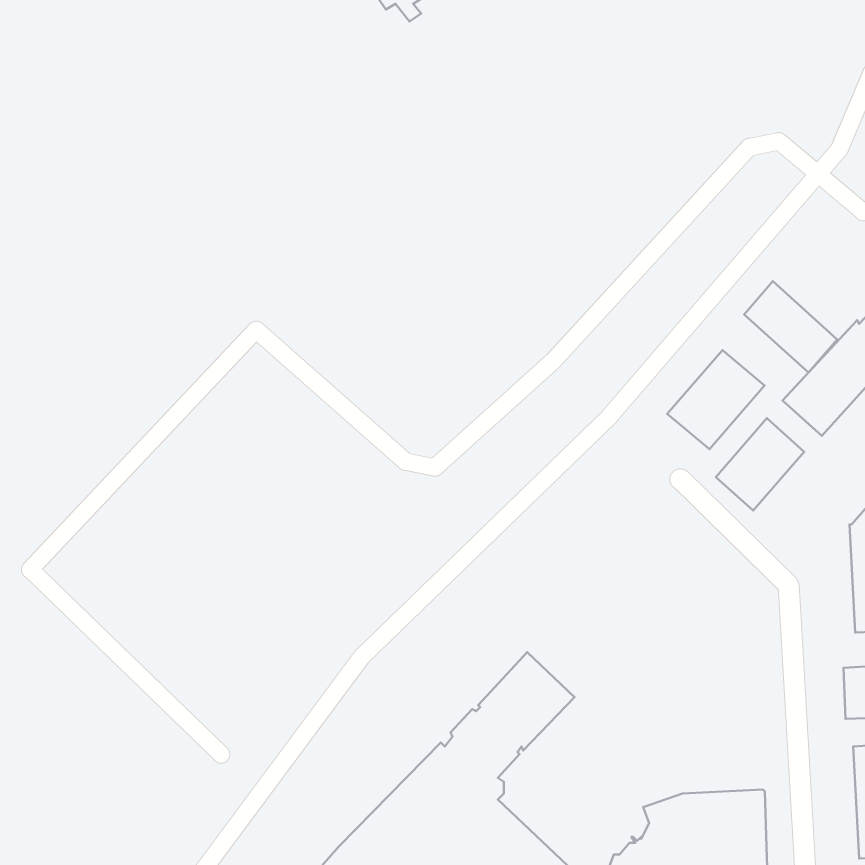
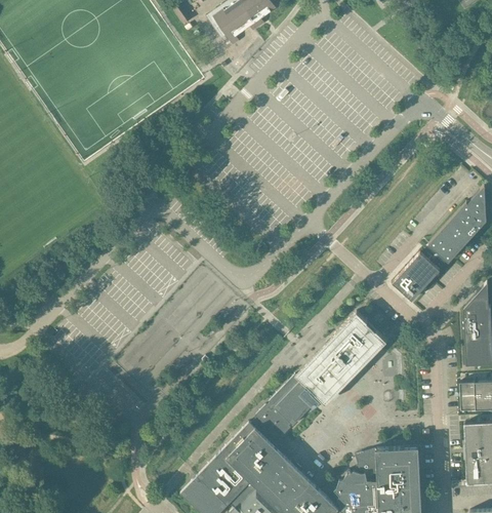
building: [744,281,837,373] -> none
building: [667,350,765,449] -> none
building: none -> [295,312,387,404]

